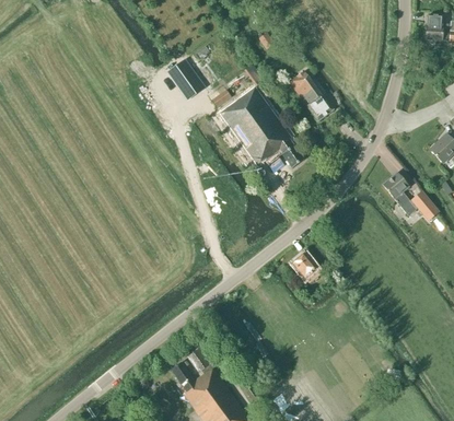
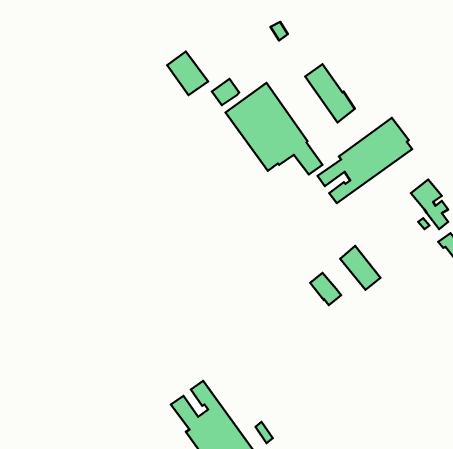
building: none -> [317,118,412,203]
building: none -> [340,246,380,290]

